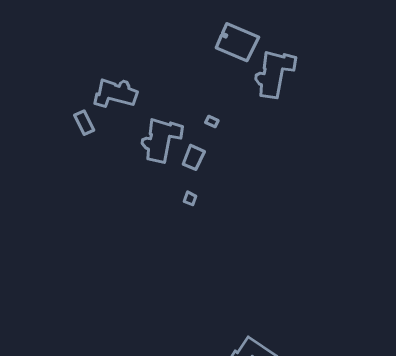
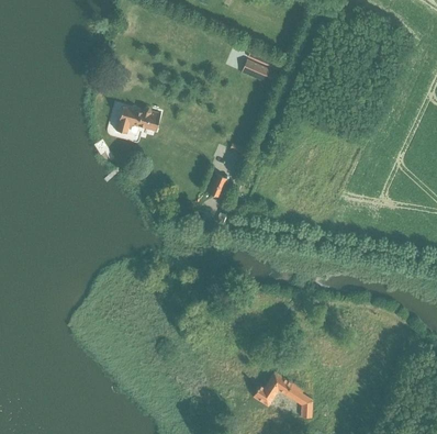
building: [256,52,296,98] -> none
building: [142,119,182,162] -> none

